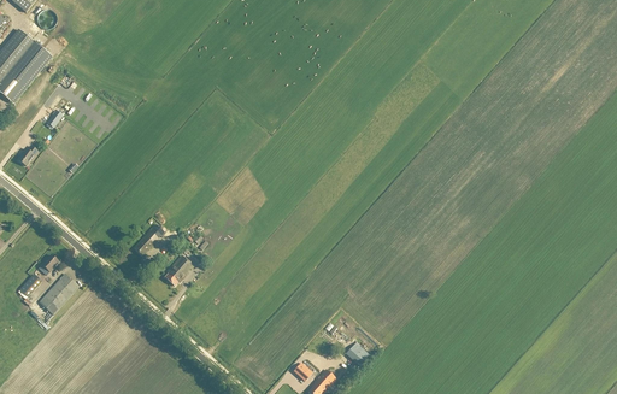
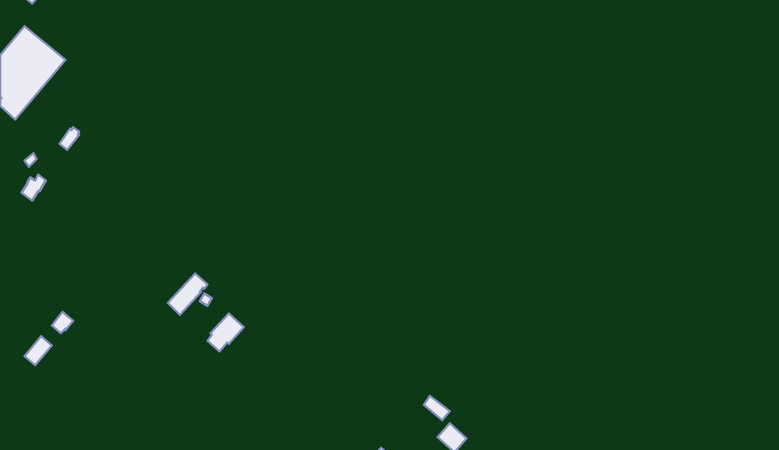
building: [39,274,78,314] -> none

